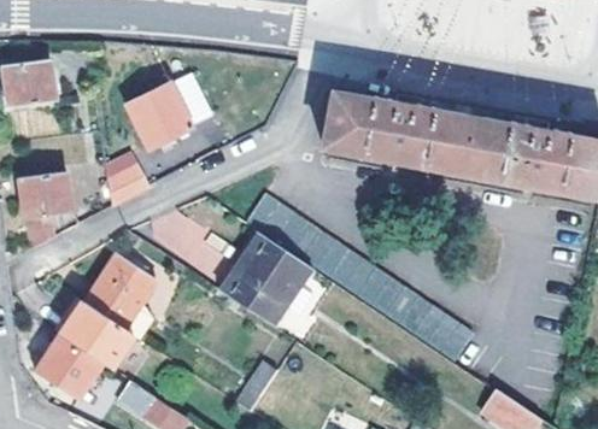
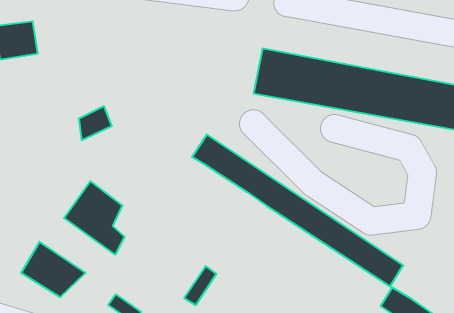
building: [127,83,192,148] -> none
building: [19,170,72,248] -> none
building: [219,234,313,327] -> none
building: [58,299,147,375] -> none

